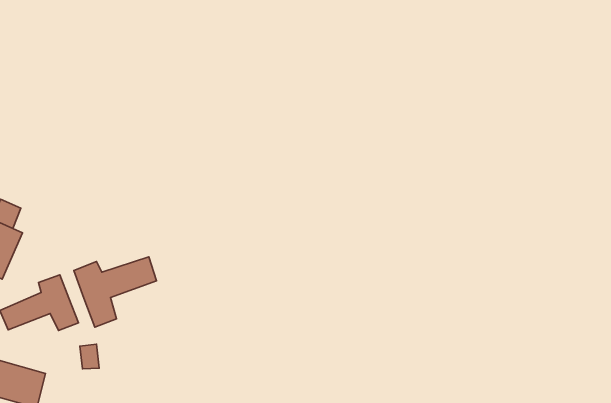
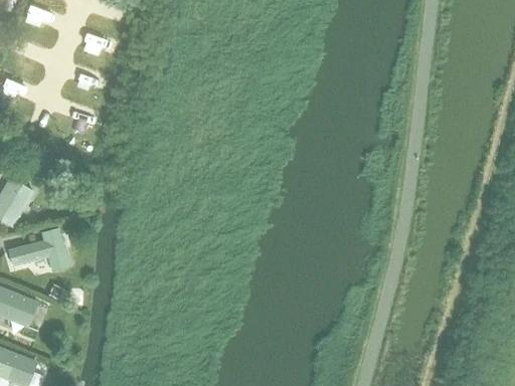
building: [74,257,157,327] -> none

